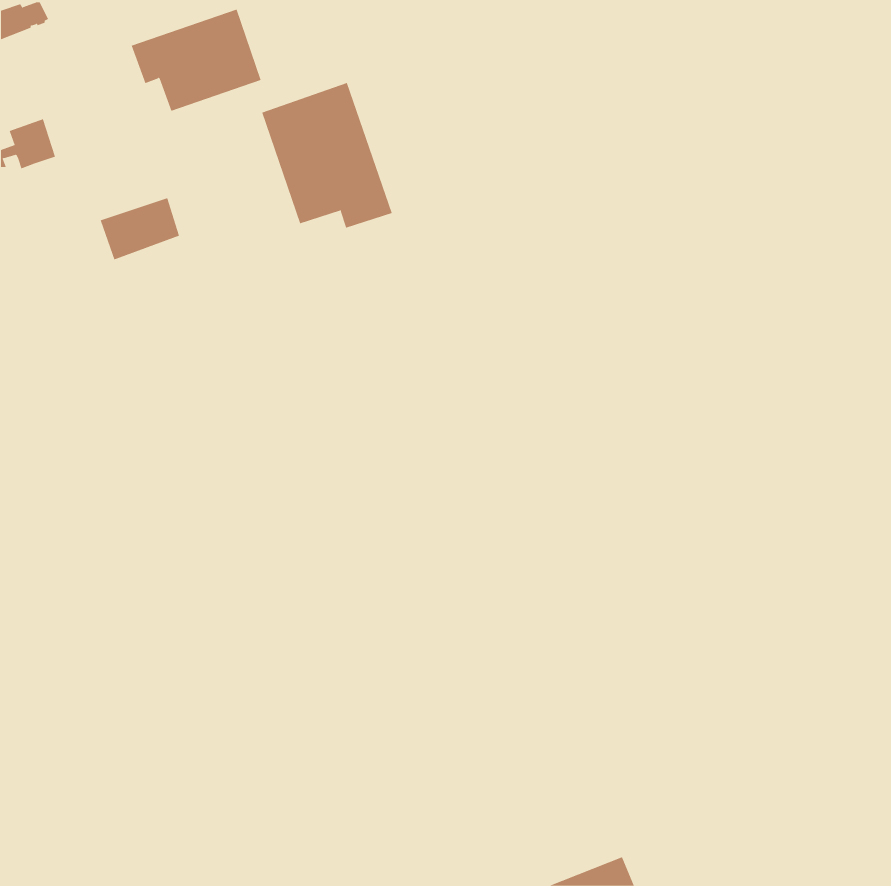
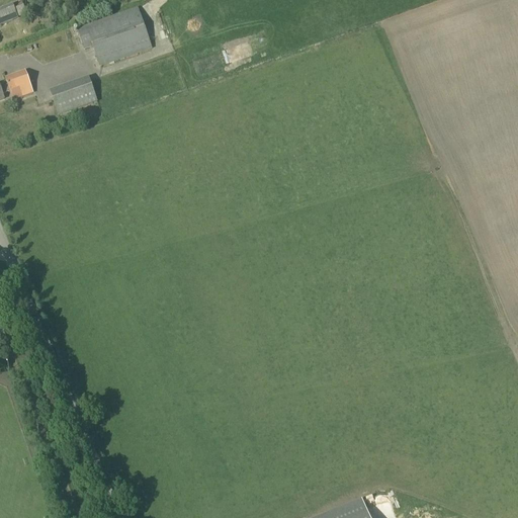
building: [262,82,392,229] -> none
building: [100,197,180,260] -> [50,78,96,114]

